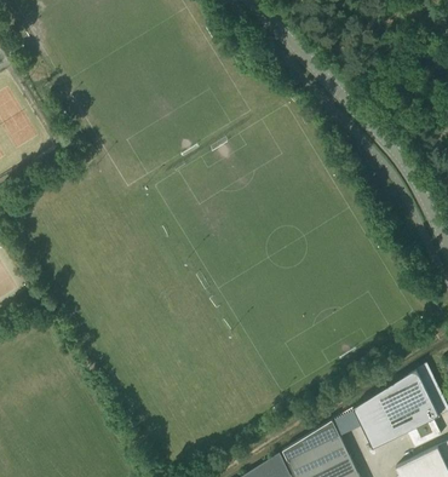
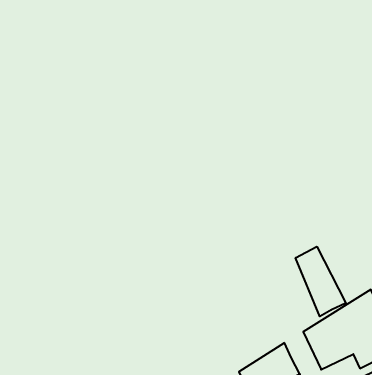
building: none -> [296,247,346,316]

